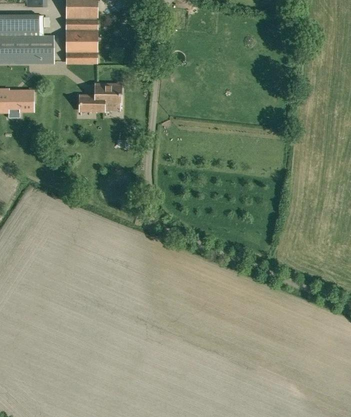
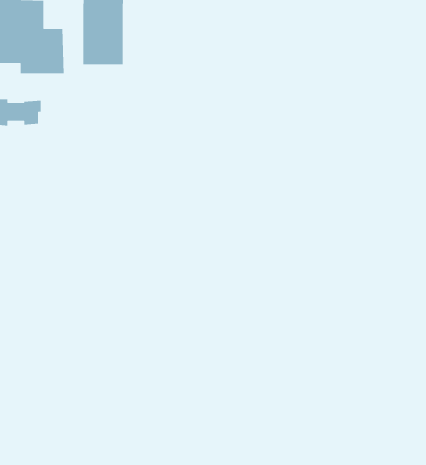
building: [80,84,121,110] -> none

